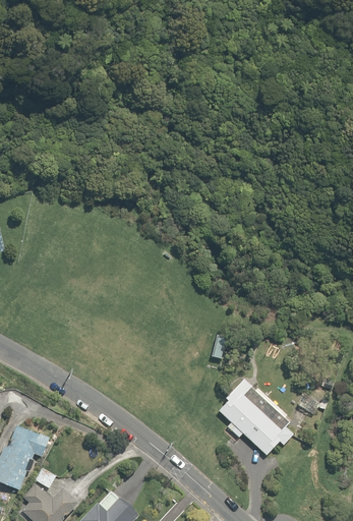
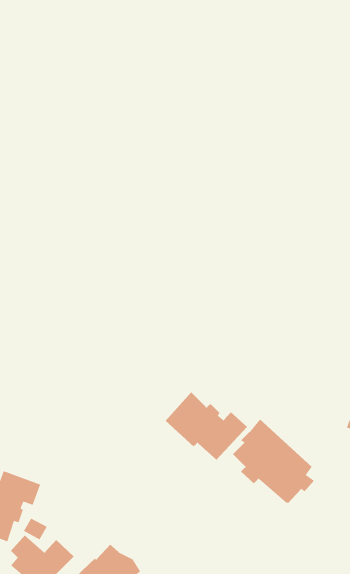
building: none -> [165,392,248,461]

